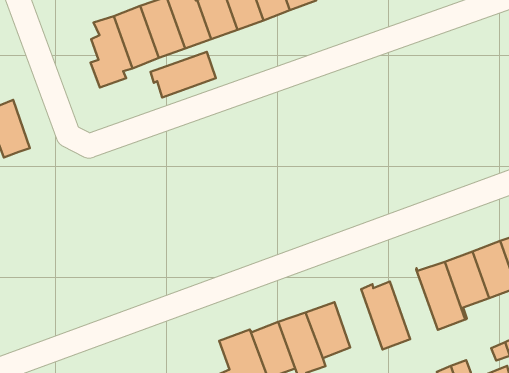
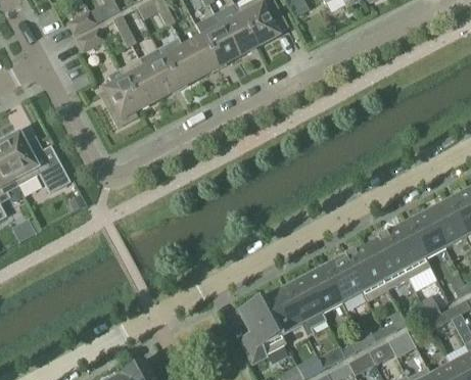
building: [151,52,216,97] -> none
building: none -> [365,234,408,289]
building: none -> [324,255,367,302]

